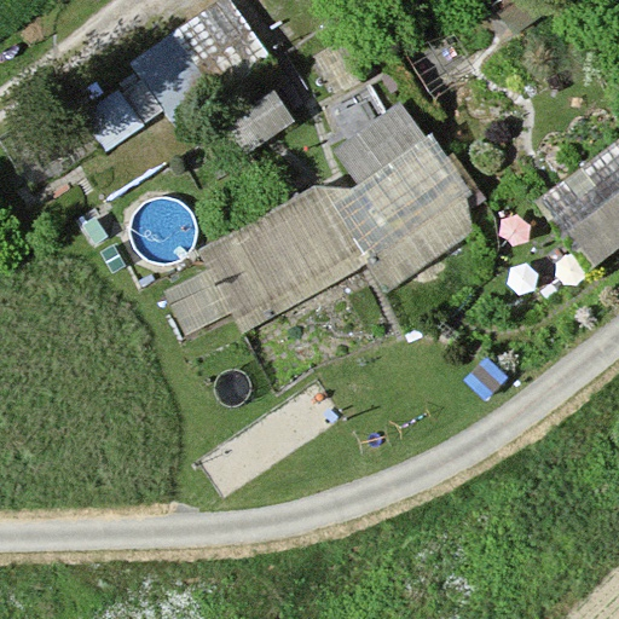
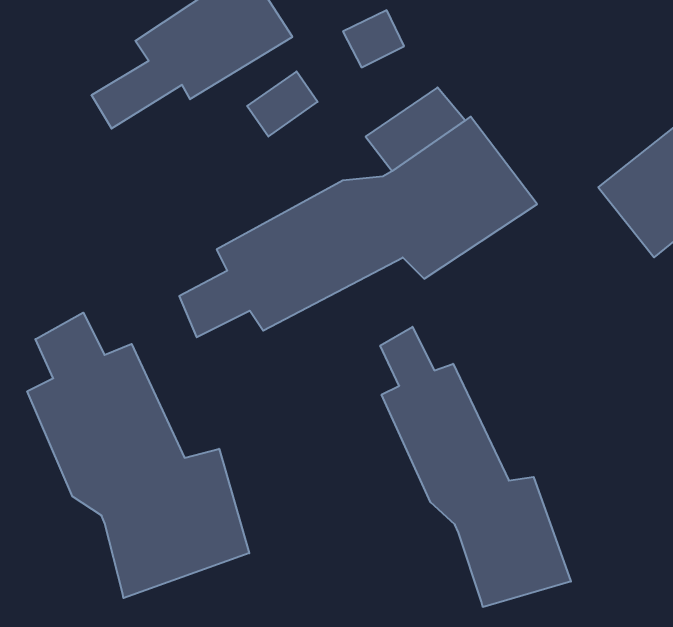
building: none -> [27,313,249,598]
building: none -> [380,327,571,607]

